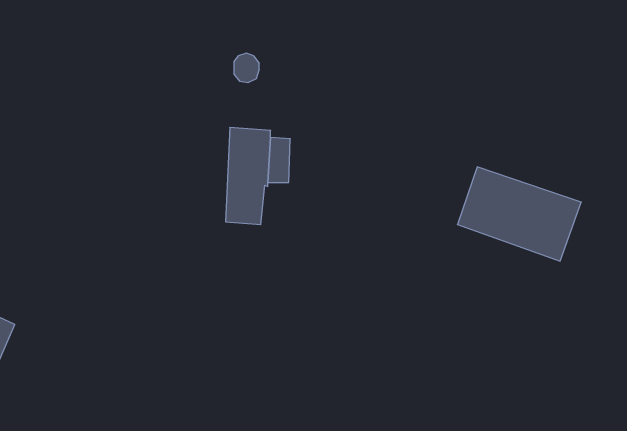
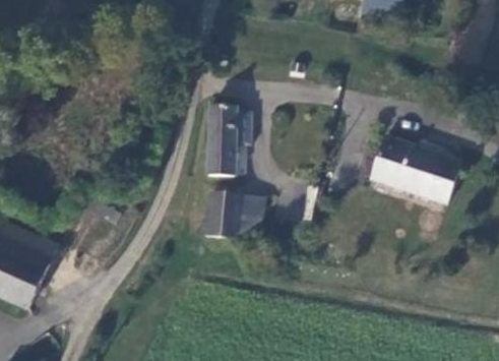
building: none -> [205,194,263,253]

